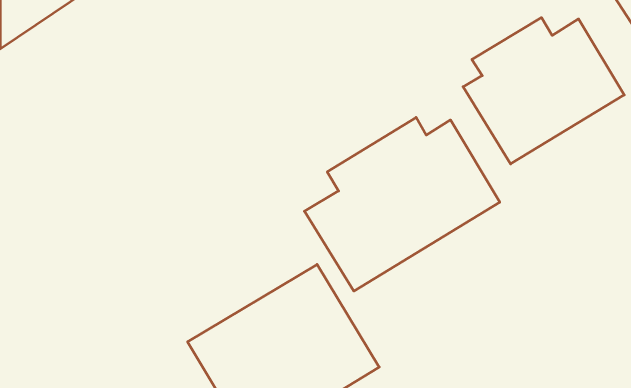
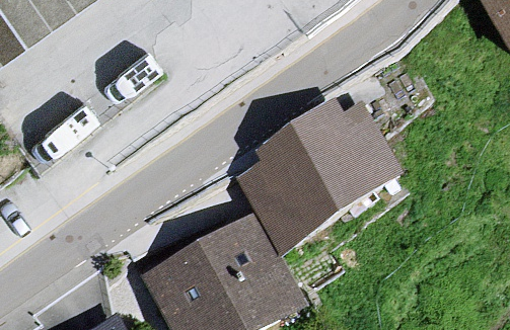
building: [463,18,624,164] -> none

